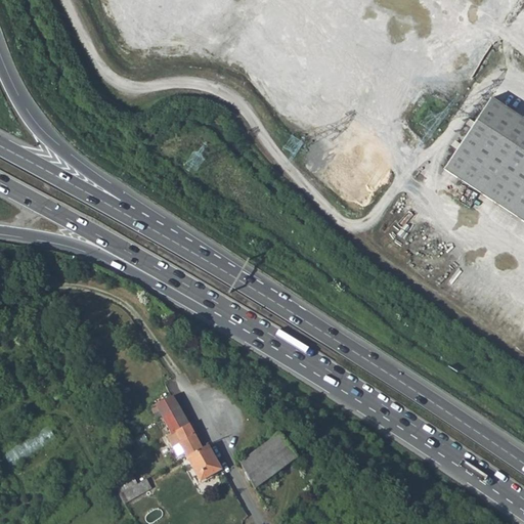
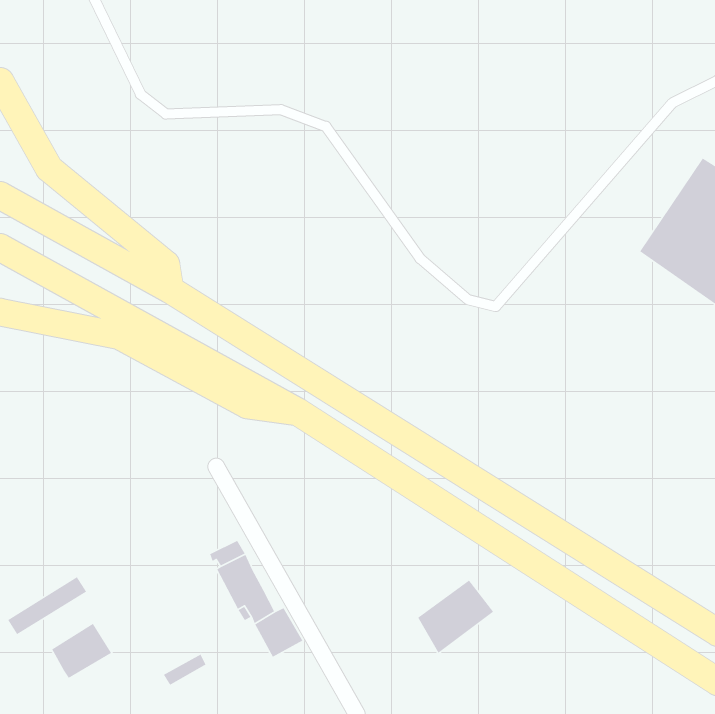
building: [443,98,514,183] -> none
building: [242,432,298,486] -> [417,579,494,654]
building: none -> [51,623,112,679]

